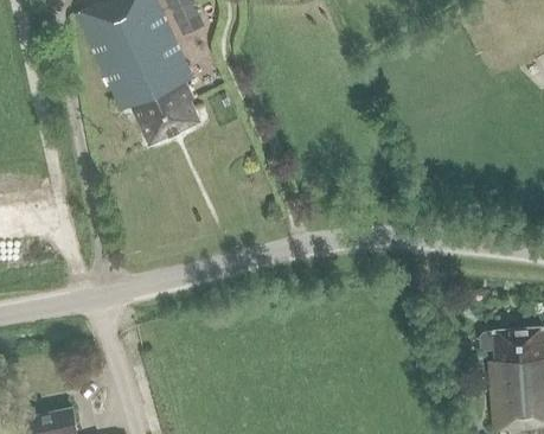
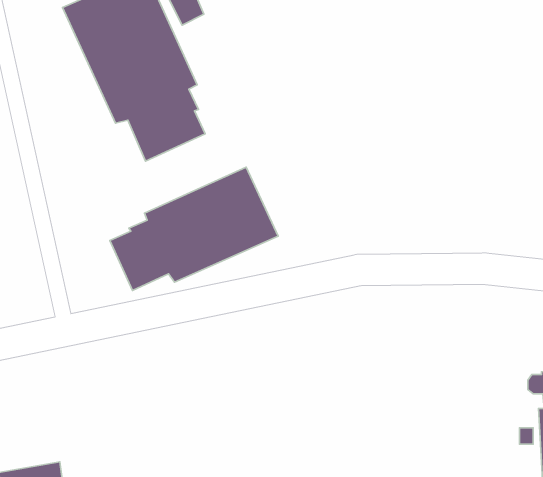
building: none -> [110,167,278,291]

